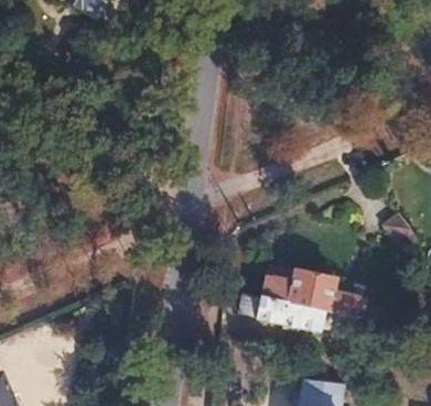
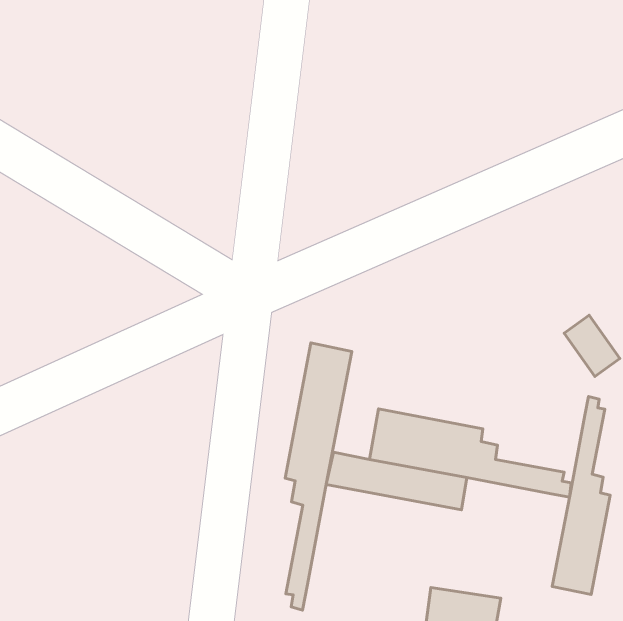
building: none -> [285,343,352,610]
building: none -> [552,396,610,595]

